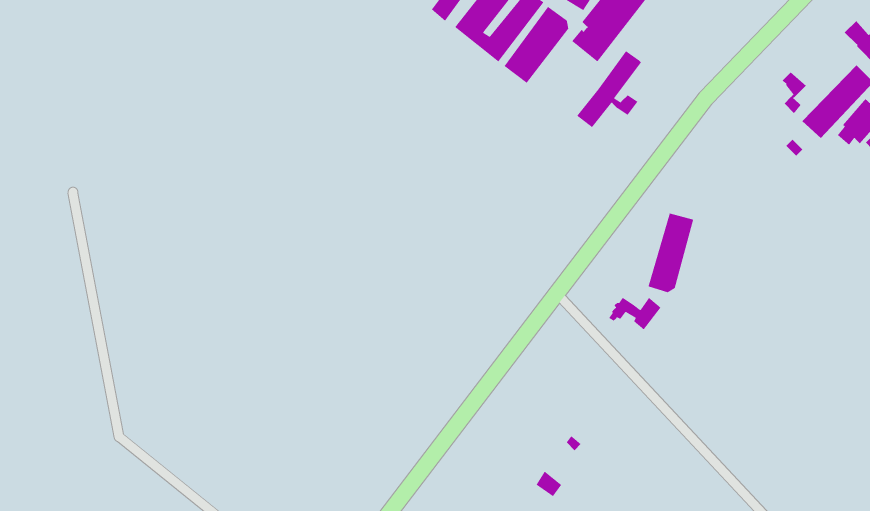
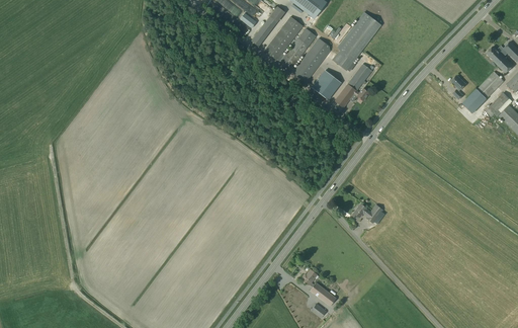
building: none -> [313,70,342,99]
building: [647,212,694,293] -> none
building: none -> [304,269,337,306]

